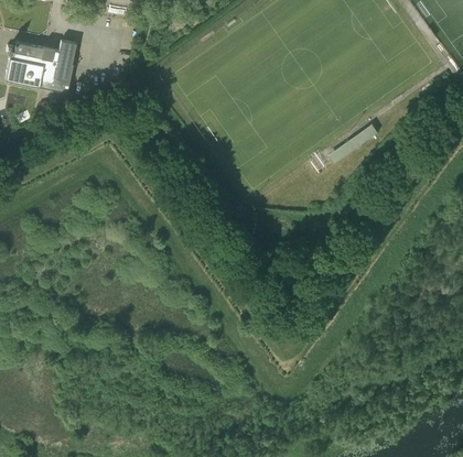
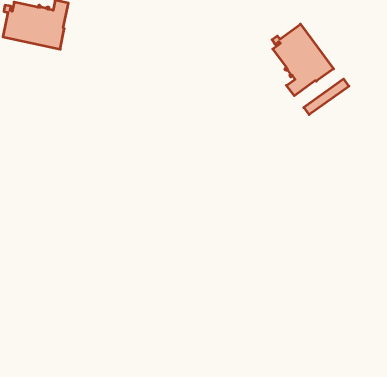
building: none -> [272,24,334,96]

